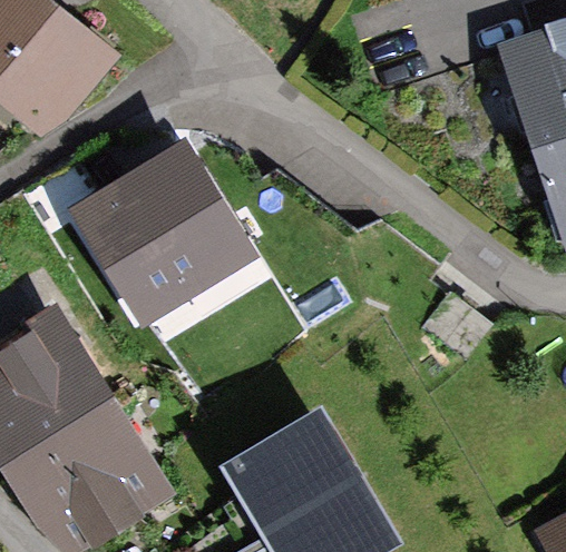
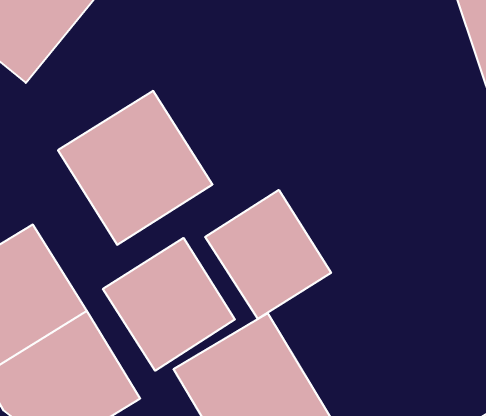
building: none -> [205,190,331,319]
building: none -> [103,238,235,371]

